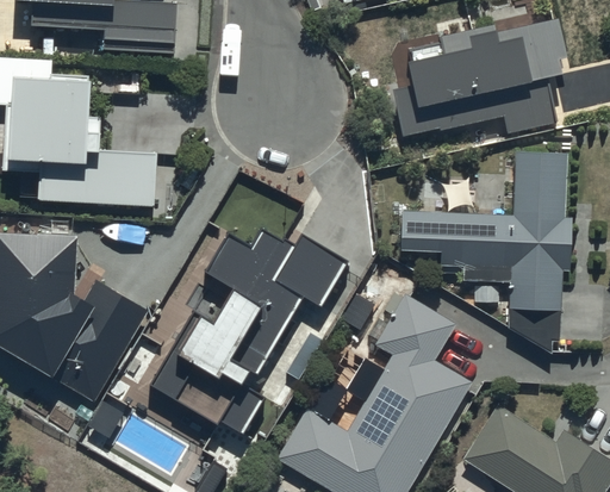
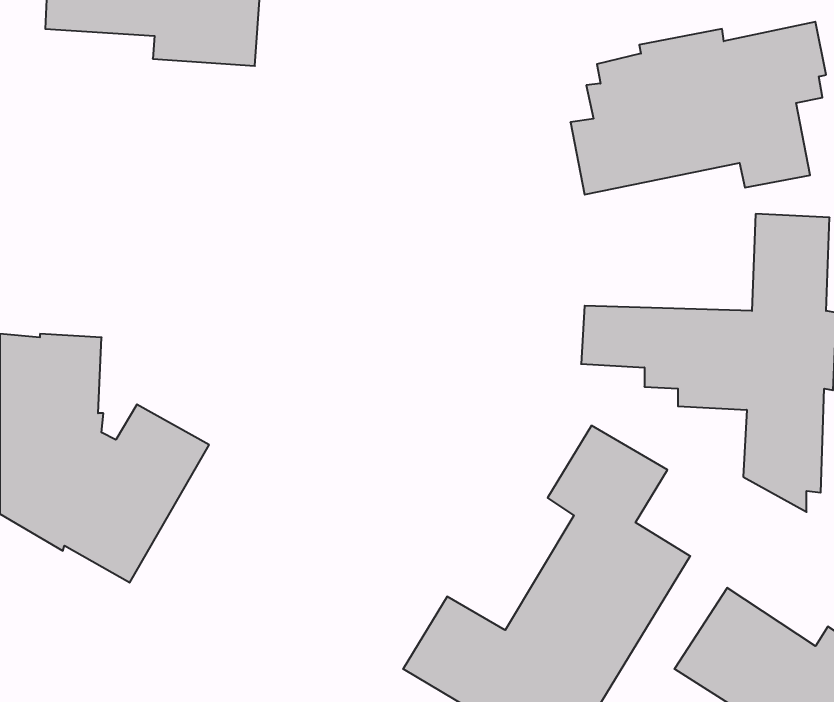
building: [11,68,161,204] -> none
building: [150,225,348,434] -> none

